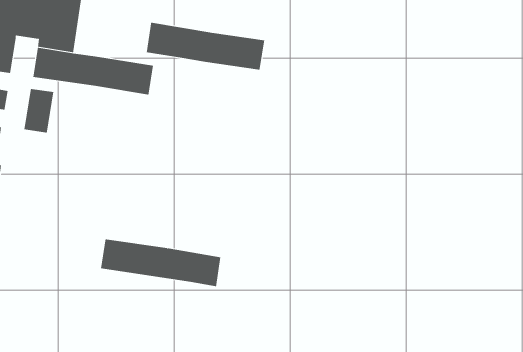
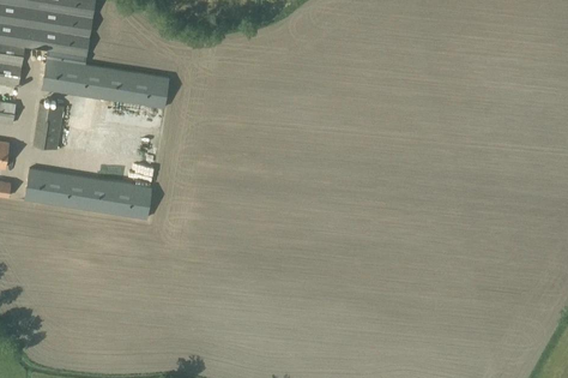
building: [146,22,265,71] -> none
building: [100,239,221,287] -> [25,168,152,218]

